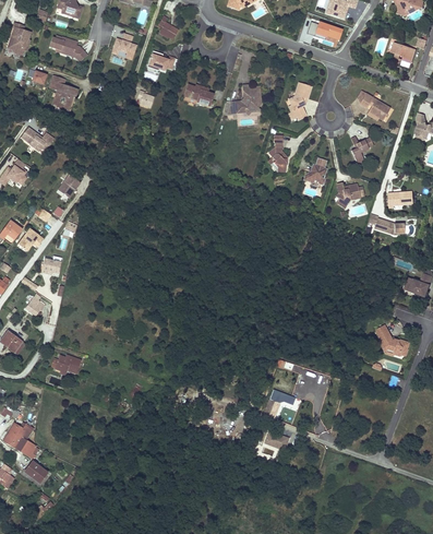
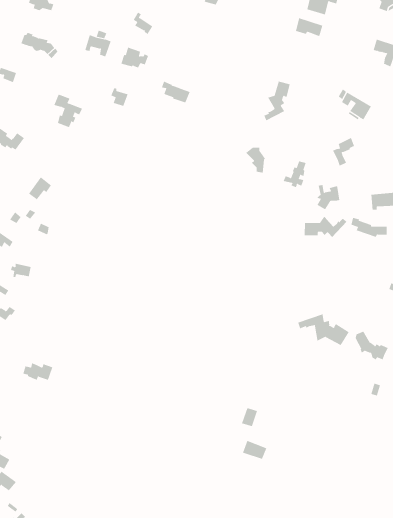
building: [50,75,79,108] -> [54,94,83,128]
building: [228,84,262,112] -> none
building: none -> [304,216,348,238]
building: none -> [297,313,350,346]

